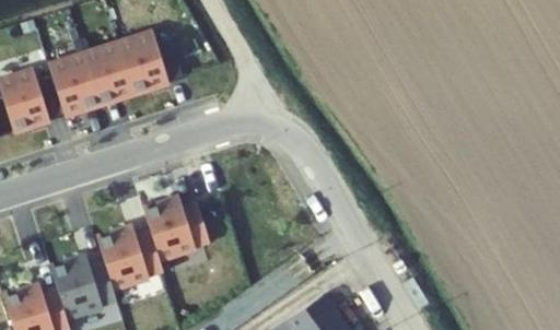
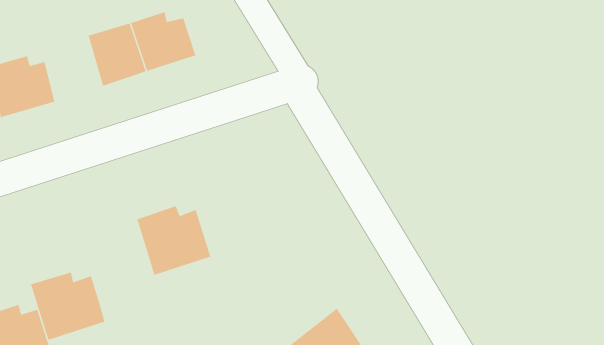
building: [59,54,112,111] -> none
building: [95,232,160,292] -> none

